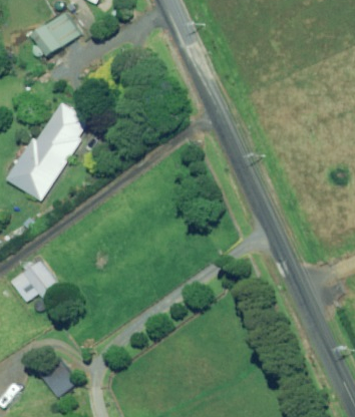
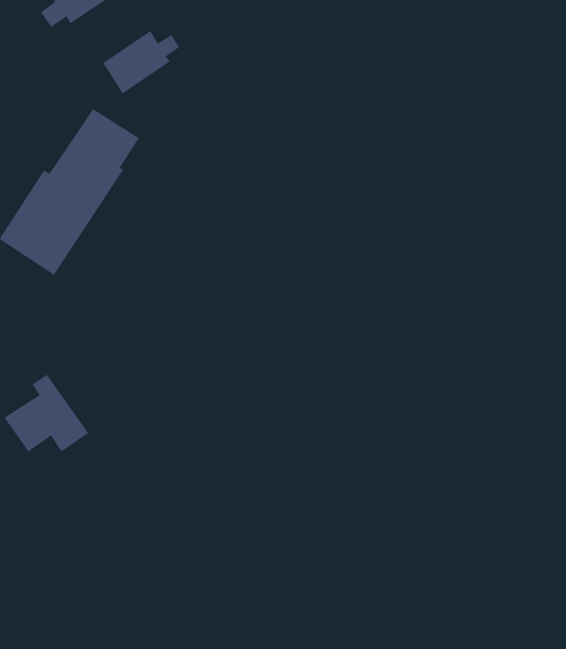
building: none -> [102,30,180,94]
building: [41,362,75,397] -> none

